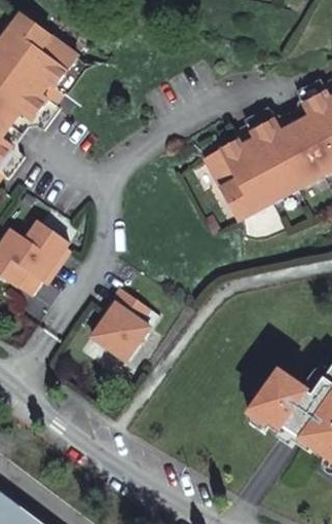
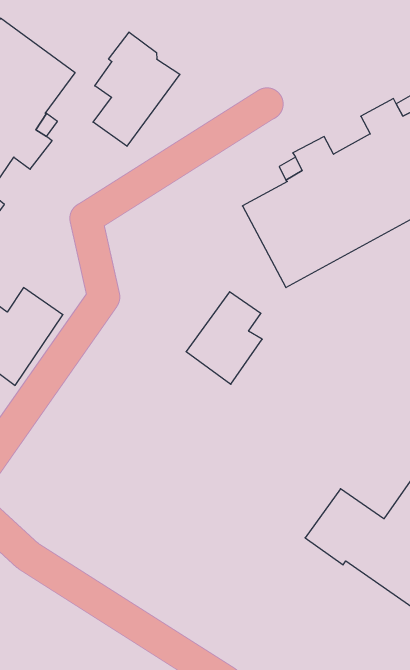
building: none -> [93,32,180,146]
building: [91,291,149,361] -> [186,292,262,384]

